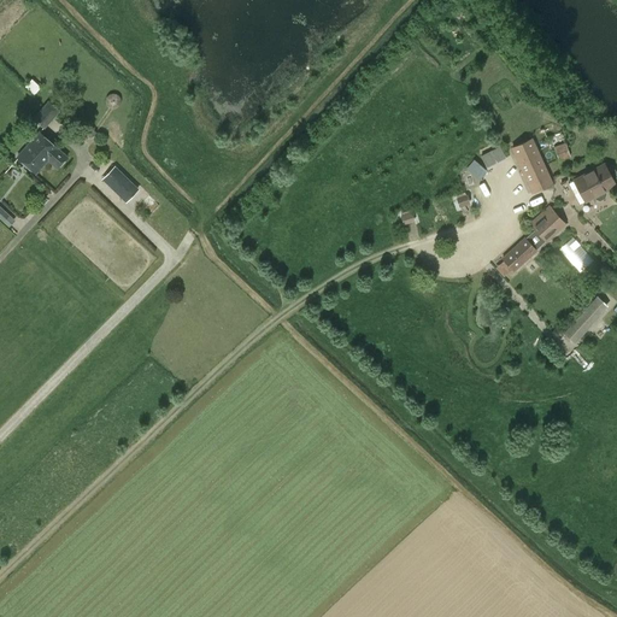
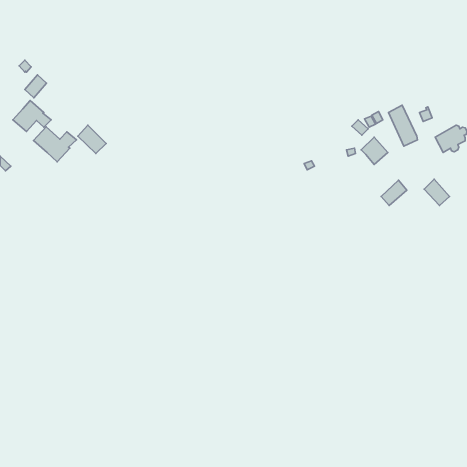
building: none -> [33,127,76,162]
building: [530,206,565,242] -> [361,137,388,164]
building: [564,289,609,341] -> none

